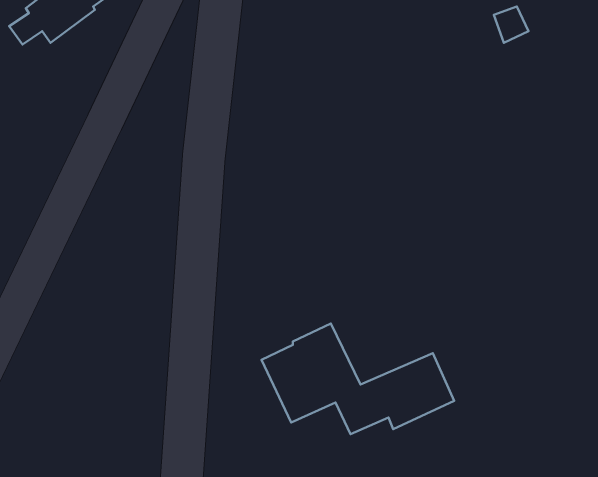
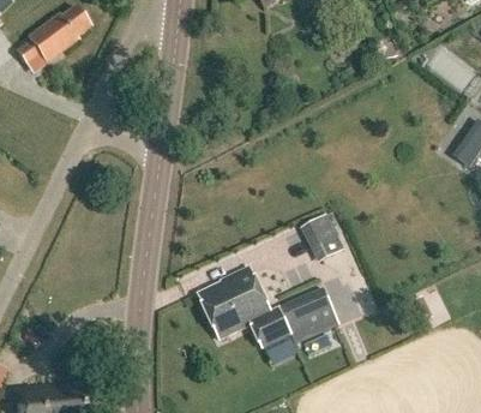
building: none -> [299,211,337,247]

